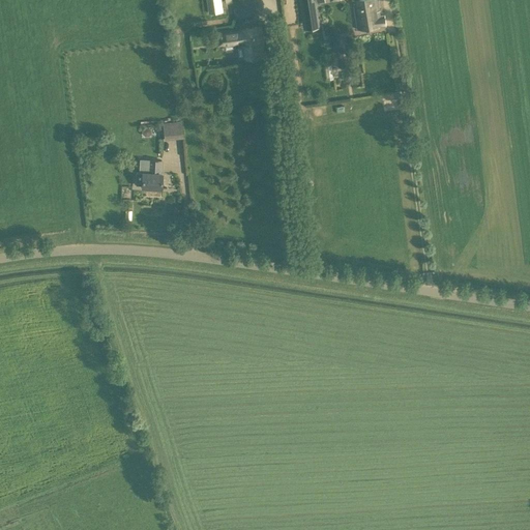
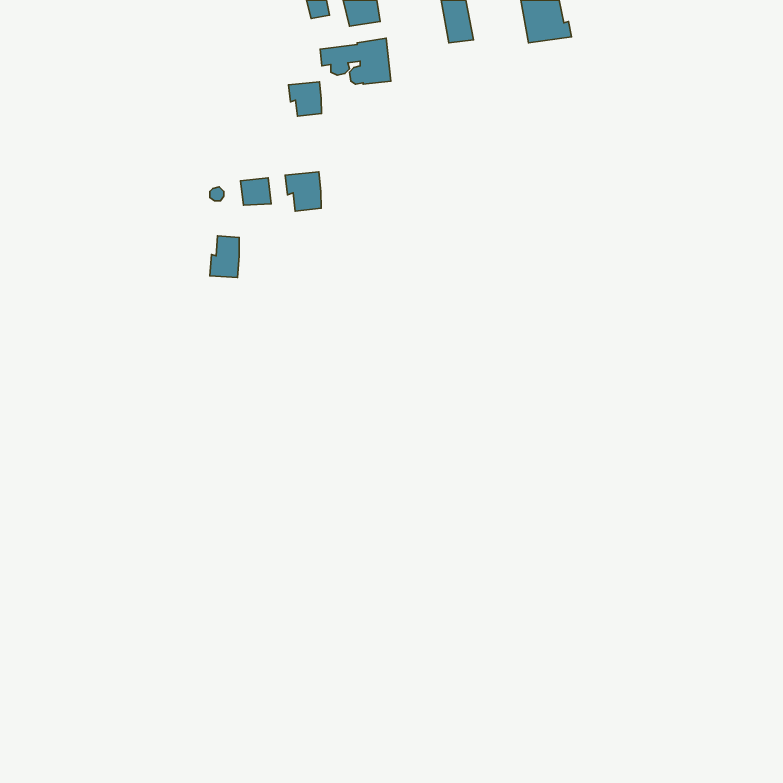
building: none -> [288,82,321,116]
building: none -> [285,172,321,211]

